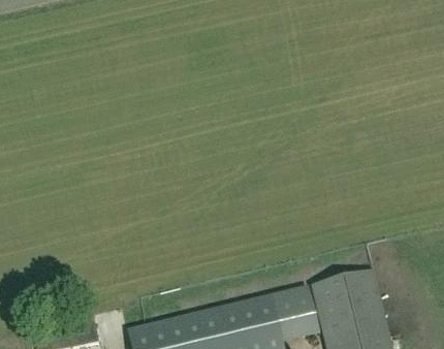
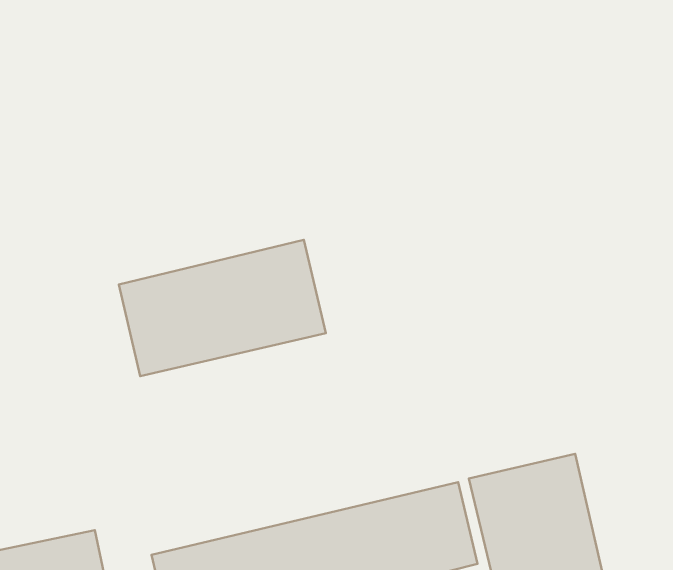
building: none -> [119,240,326,376]

